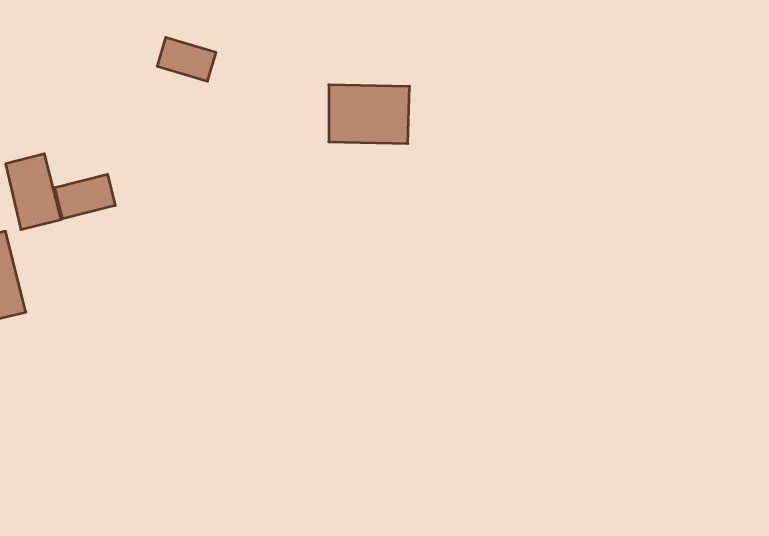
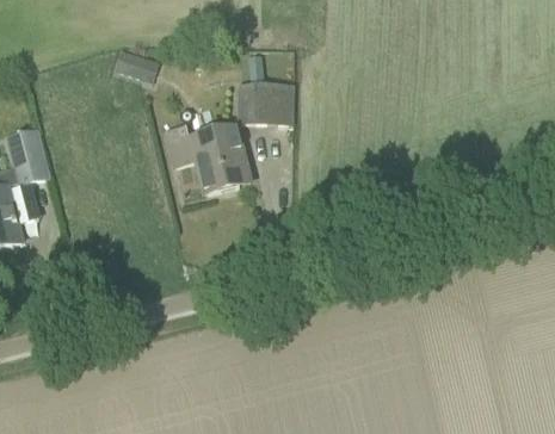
building: none -> [167,125,245,193]
building: [55,174,115,219] -> none

